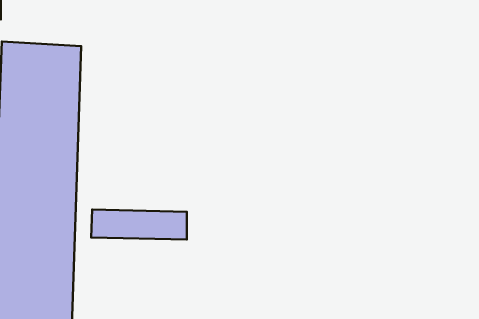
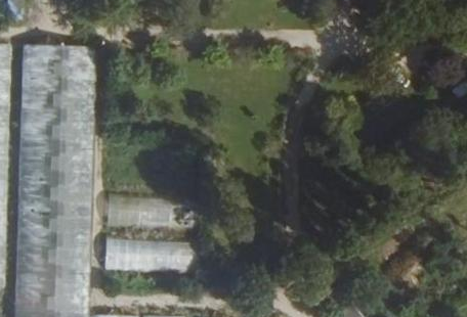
building: none -> [101,237,192,274]

